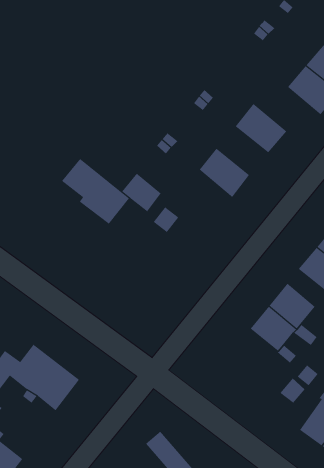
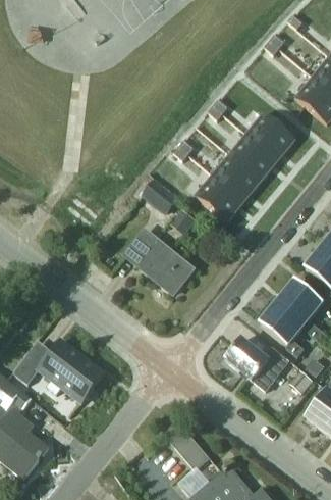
building: none -> [229,134,278,180]
building: [61,158,130,224] -> [126,230,190,292]
building: none -> [196,174,244,221]
building: none -> [223,337,285,390]

